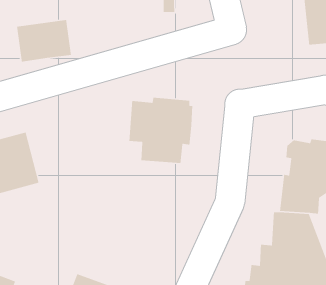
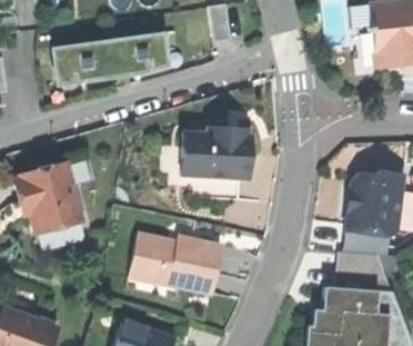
building: none -> [110,31,169,79]
building: none -> [128,233,220,293]

